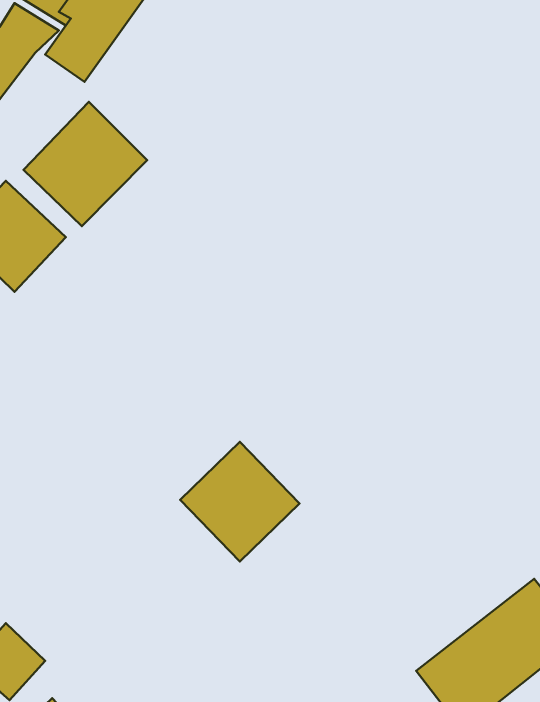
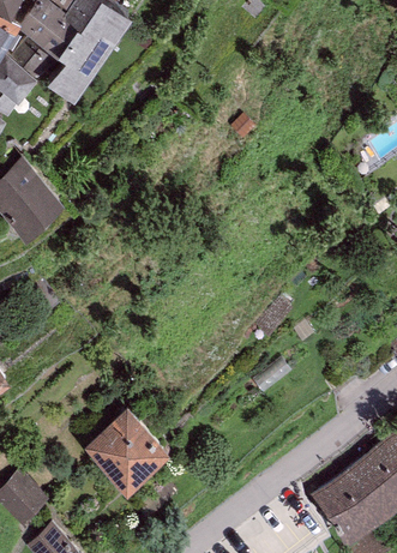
building: [23,102,147,226] -> none
building: [180,442,300,561] -> [84,404,168,488]

